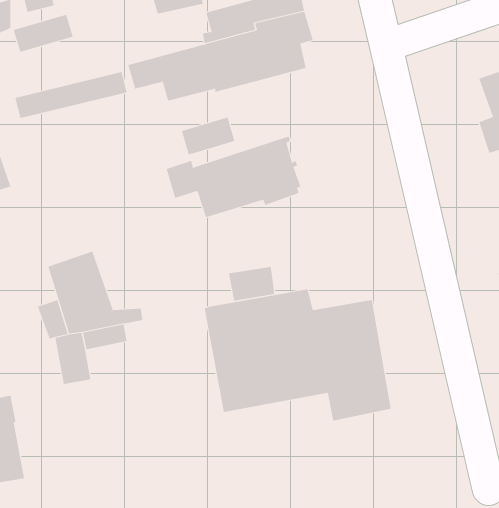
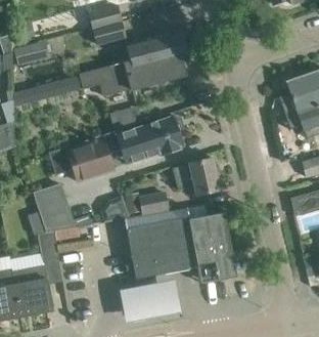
building: none -> [49,135,113,181]
building: none -> [173,158,220,196]
building: none -> [12,266,52,318]
building: none -> [119,281,180,324]

